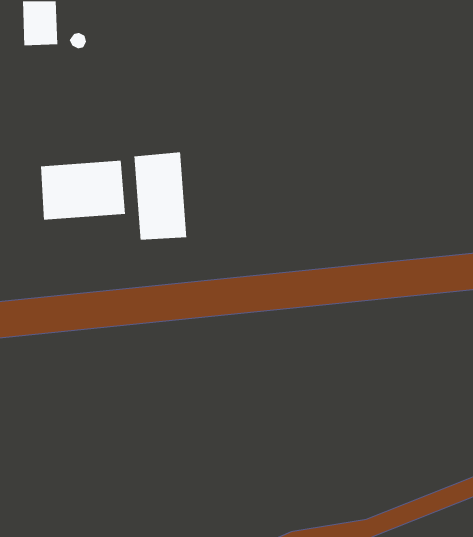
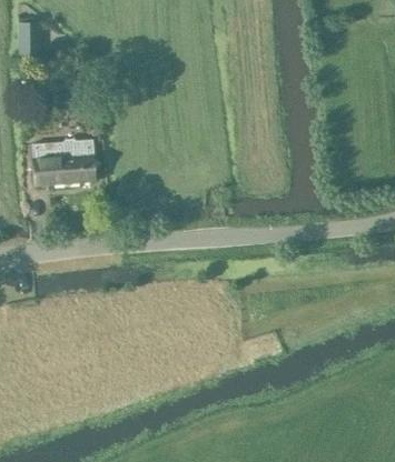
building: [134,151,187,241] -> none

